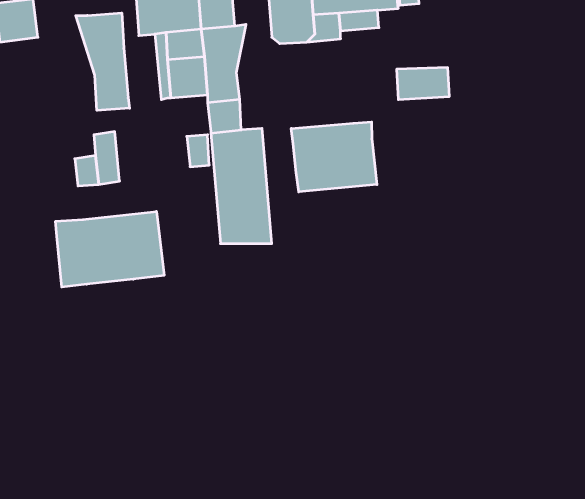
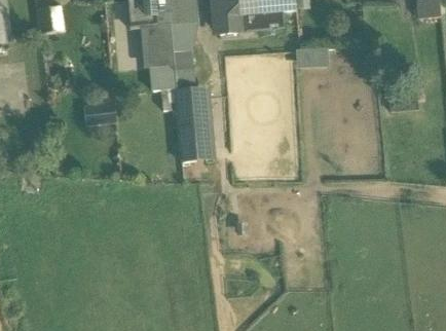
building: [76,13,130,110] -> none
building: none -> [148,65,176,90]
building: [291,122,377,192] -> none
building: [56,211,164,287] -> none

